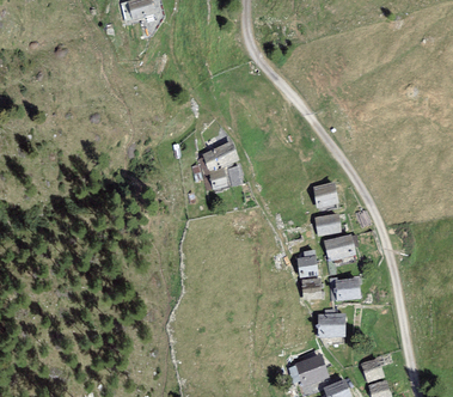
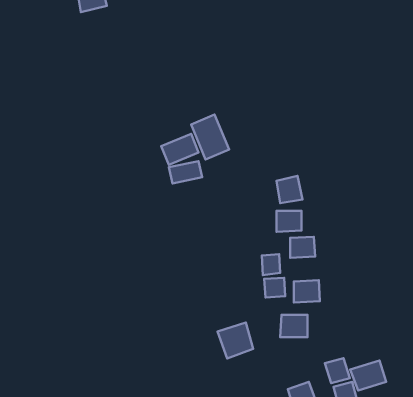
building: none -> [191,114,229,160]
building: [292,352,326,386] -> [217,323,253,359]
building: none -> [350,360,386,390]

